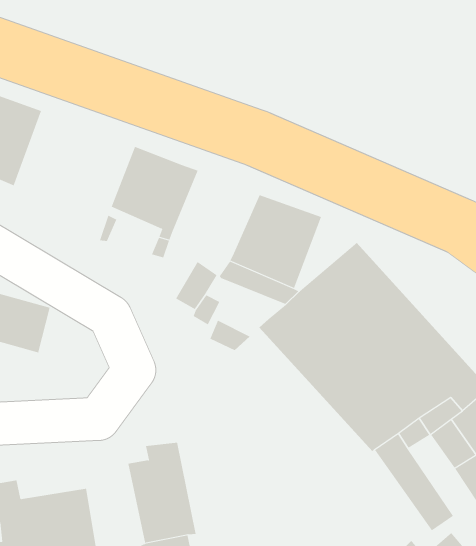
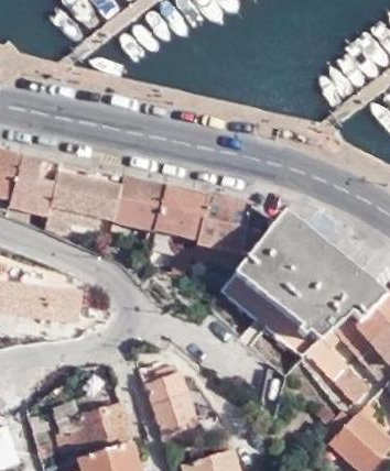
building: none -> [43,166,120,231]
building: none -> [153,186,206,239]

